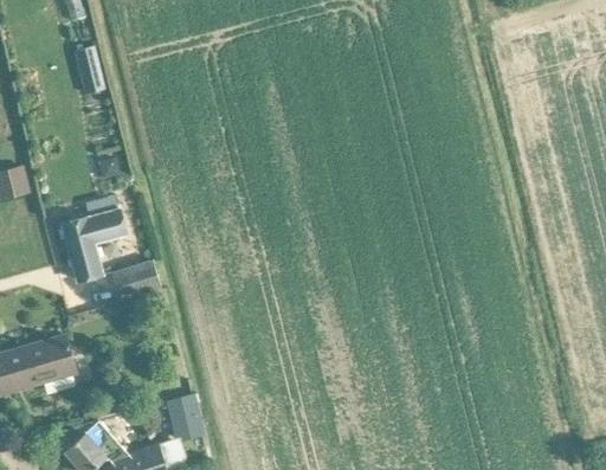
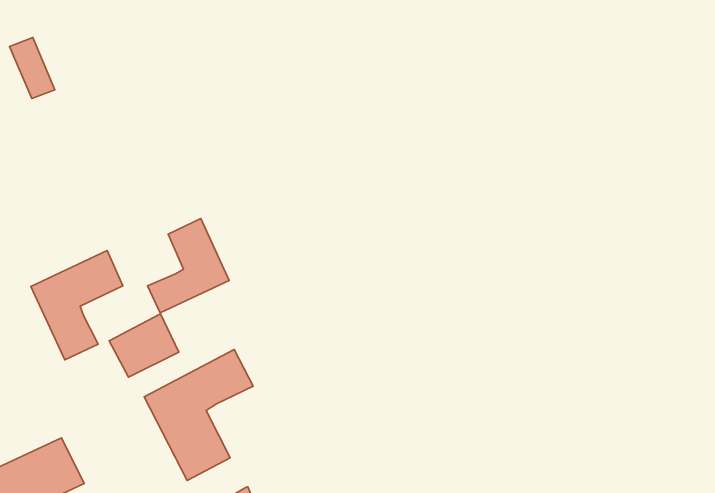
building: none -> [147,219,229,313]
building: none -> [144,350,253,481]

